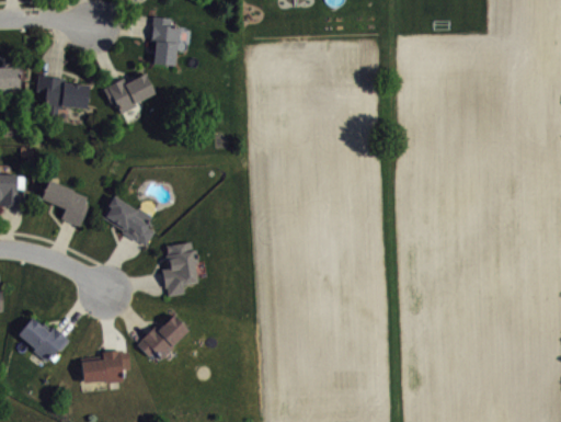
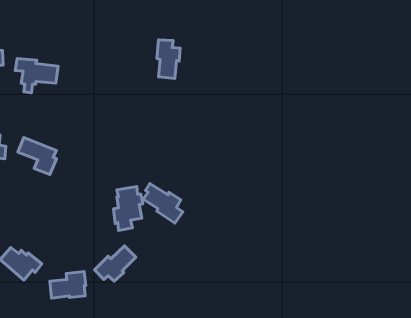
building: [150,18,180,67] -> [157,40,180,78]
building: [105,72,153,114] -> none
building: [104,195,154,246] -> [143,184,183,223]

